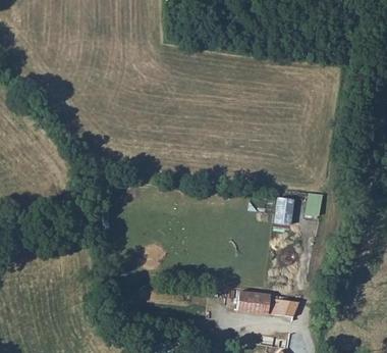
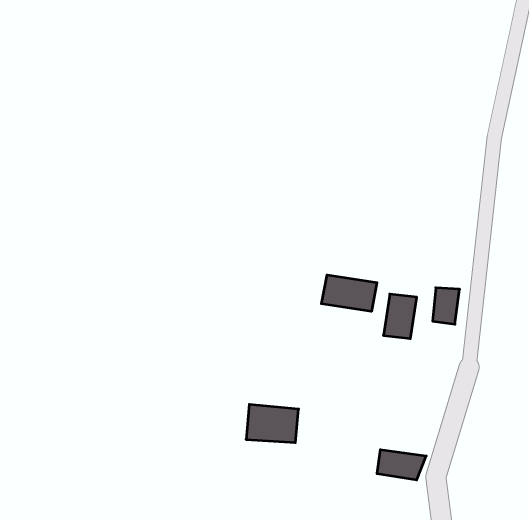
building: none -> [321,275,377,311]
building: [234,290,268,314] -> [246,404,299,443]

